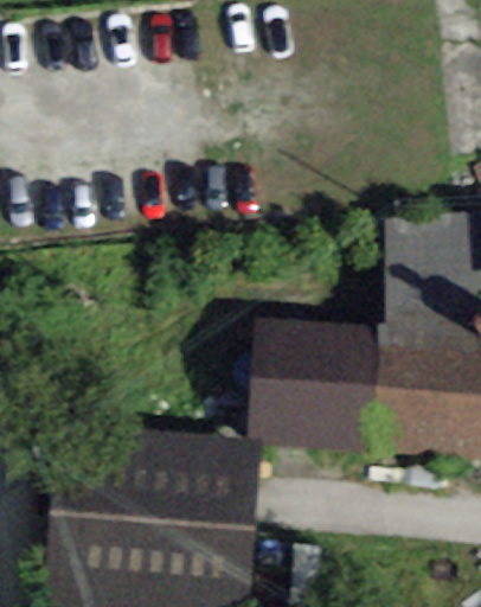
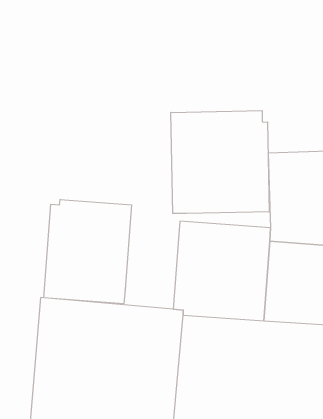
building: none -> [171,111,269,214]
building: none -> [44,199,131,304]

